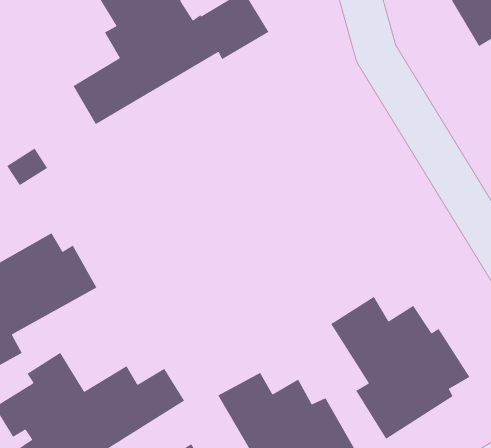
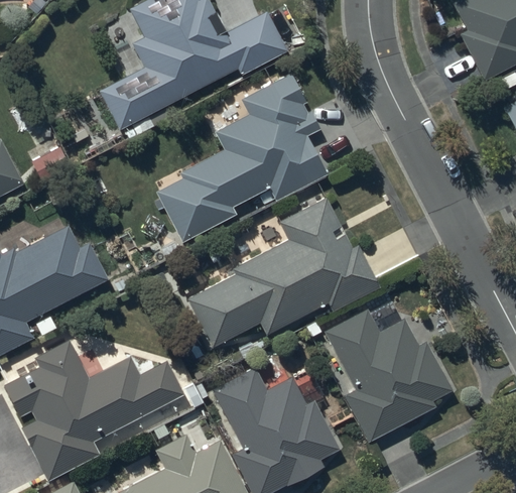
building: none -> [156,72,327,242]
building: none -> [187,199,379,347]

